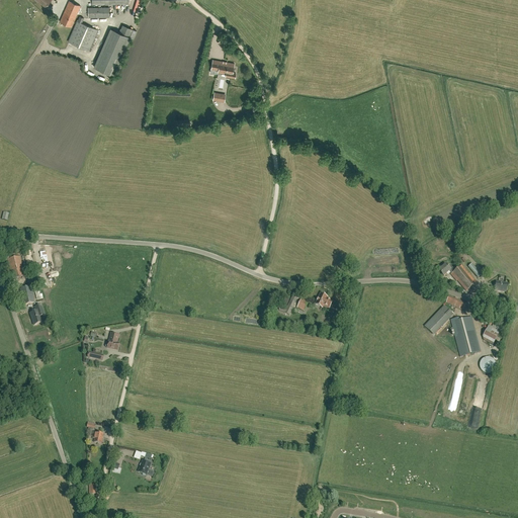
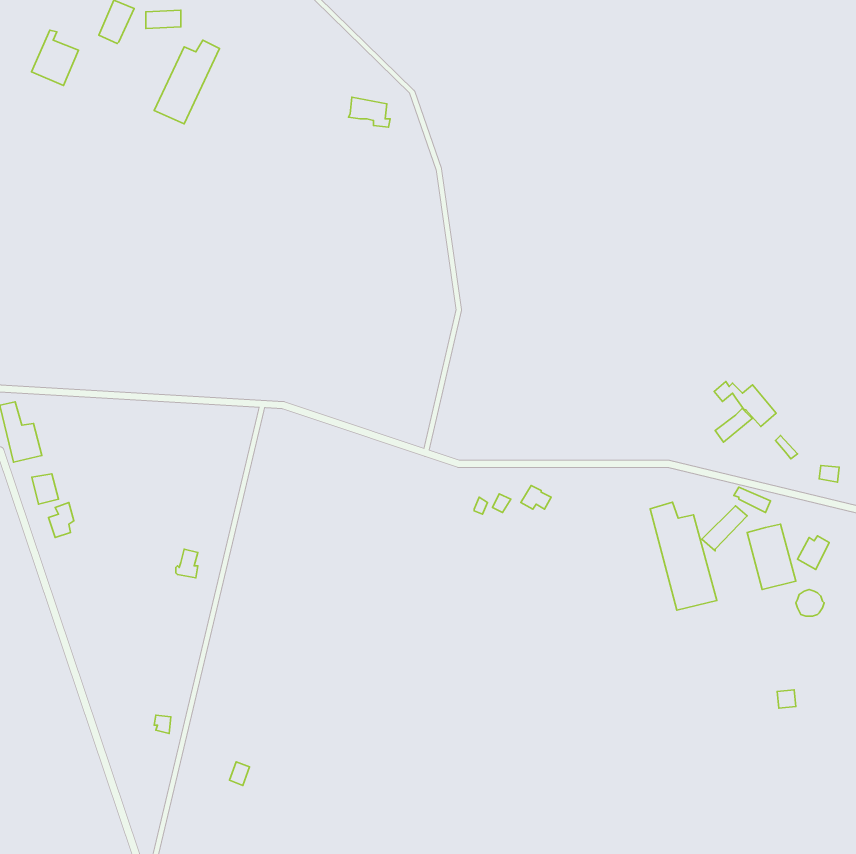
building: [69,16,97,50] -> [32,30,78,85]
building: [438,263,476,290] -> [714,381,776,427]
building: none -> [650,502,717,610]

